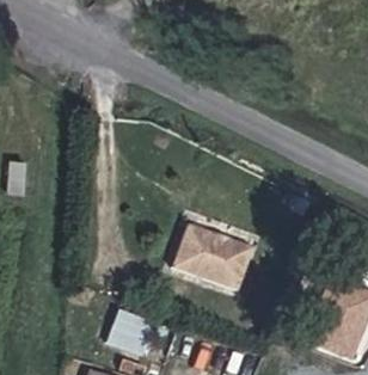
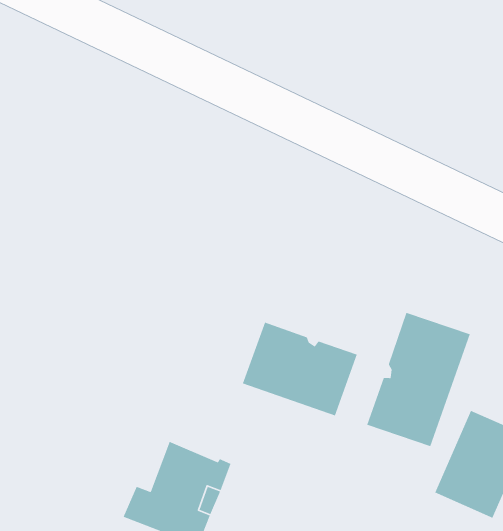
building: none -> [366,312,471,447]

